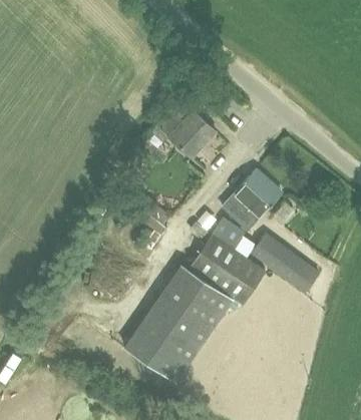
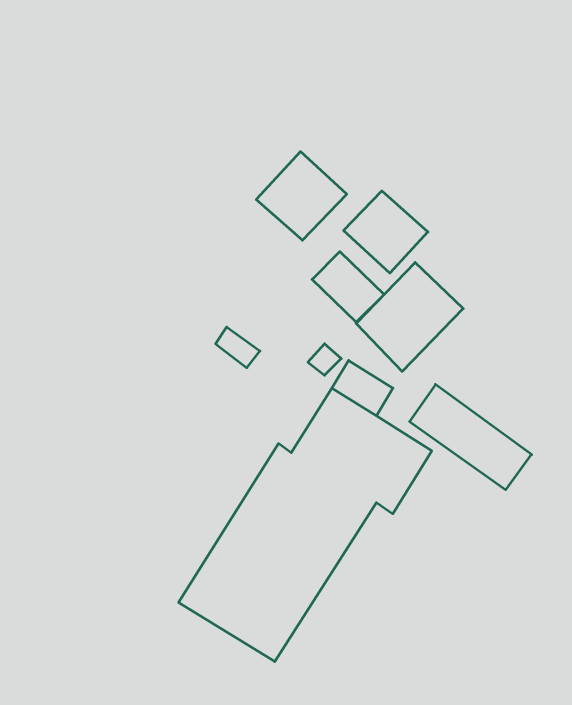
building: none -> [344,191,428,273]
building: none -> [312,252,384,322]

